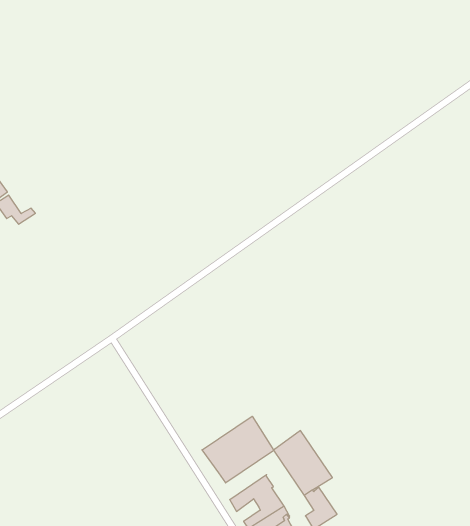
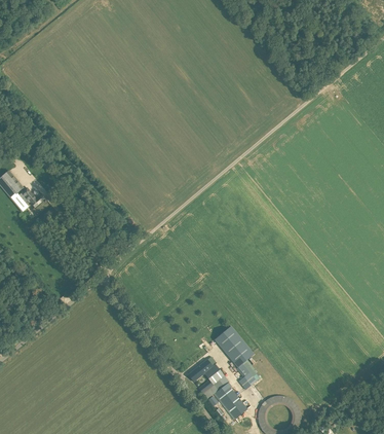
building: [202,416,274,483] -> none

